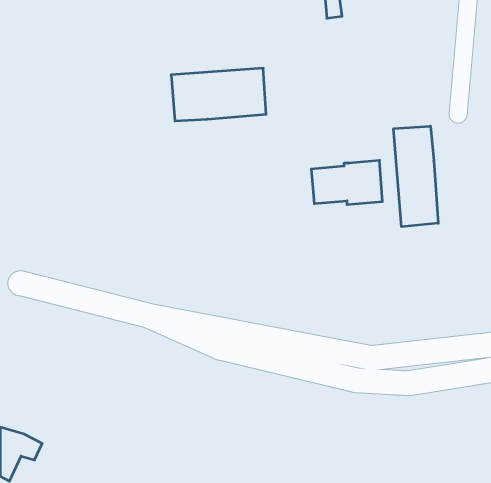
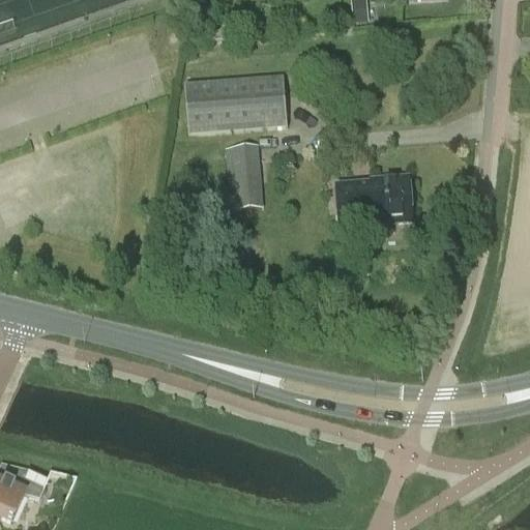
building: [394,126,438,227] -> none
building: none -> [225,142,263,208]

